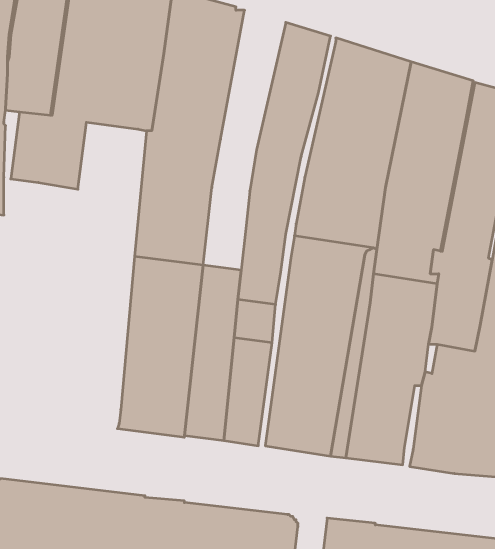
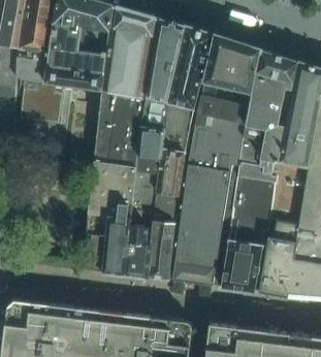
building: none -> [135,19,185,174]

